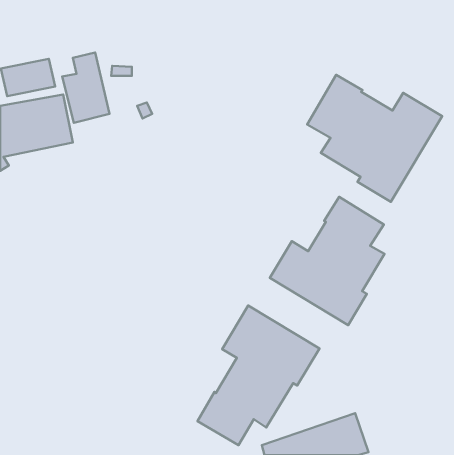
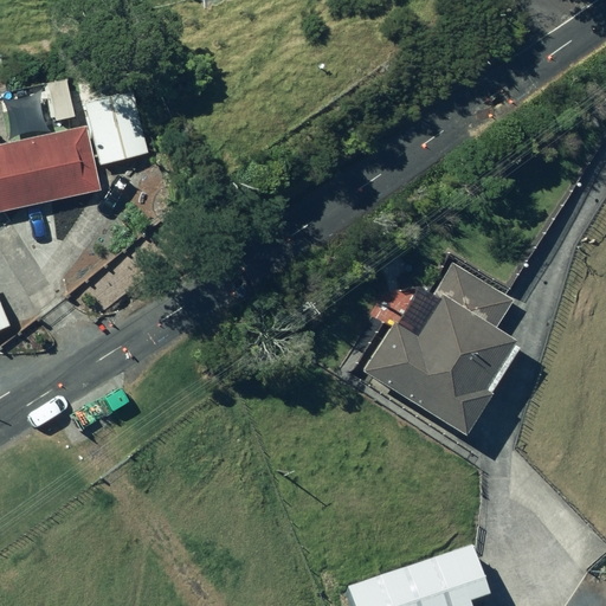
building: [307,75,442,202] -> none
building: [197,306,319,445] -> none

